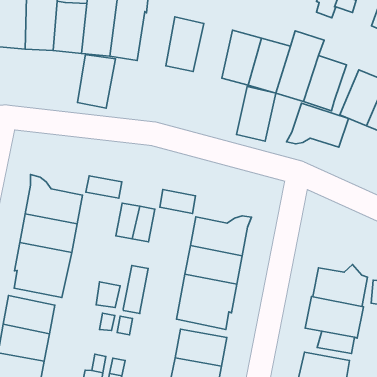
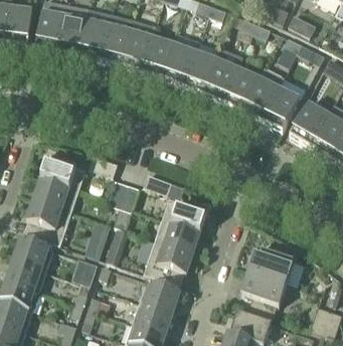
building: [77,54,115,108] -> [141,36,174,79]
building: [236,87,276,141] -> [182,51,216,95]
building: [287,103,348,147] -> none

